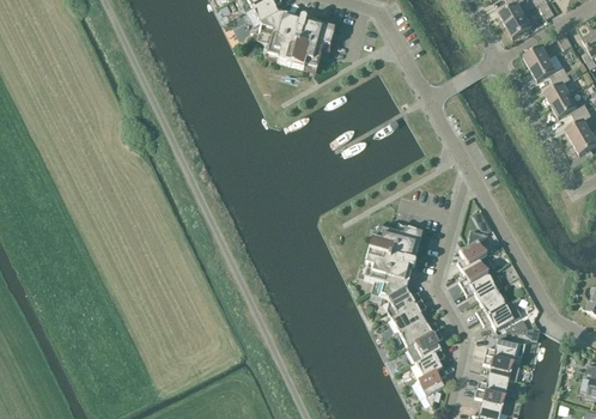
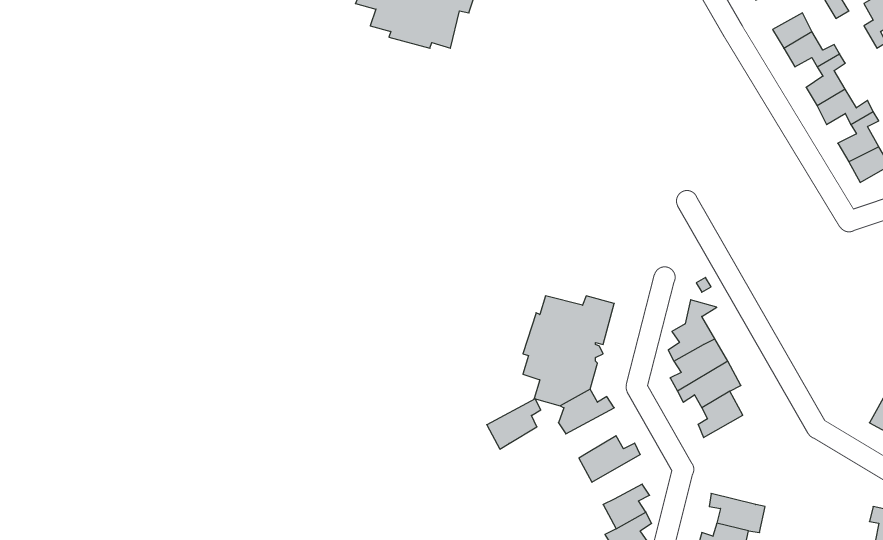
building: [390,298,425,330] -> [487,399,541,449]
building: [479,298,519,328] -> none
building: [406,328,443,360] -> none
building: [484,338,524,360] -> none

